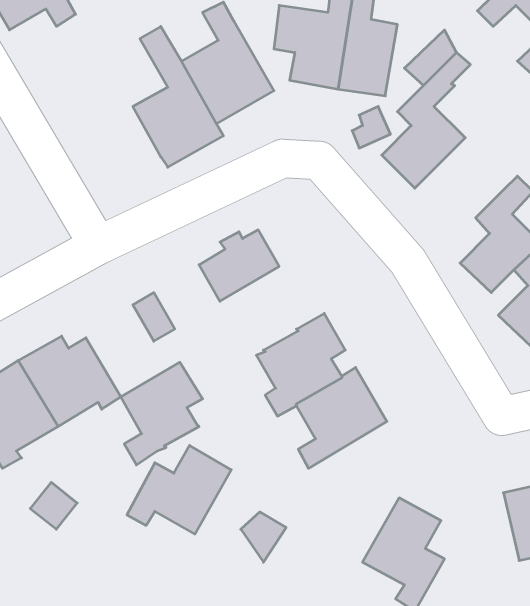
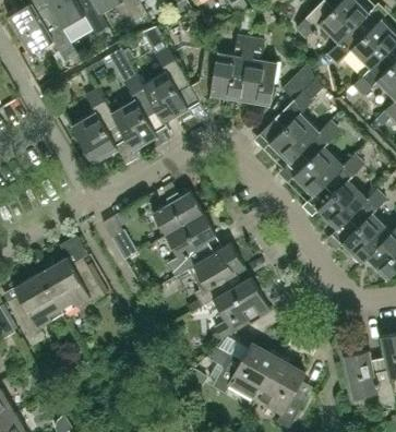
building: none -> [73,88,130,165]
building: none -> [293,123,345,196]
building: [121,362,203,465] -> [167,213,218,277]
building: [127,445,231,534] -> [214,343,279,398]

